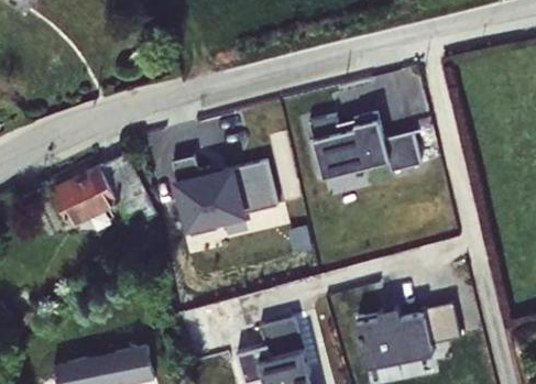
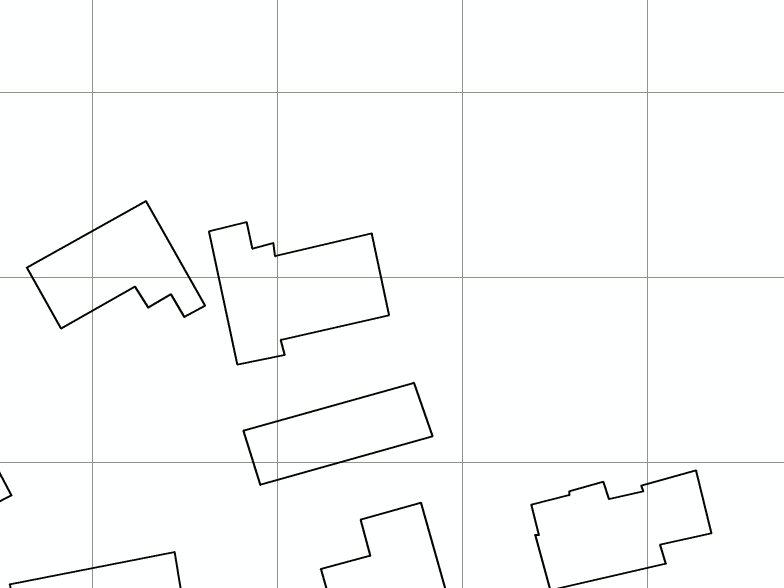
building: [308,114,429,178] -> none
building: none -> [244,383,432,485]

